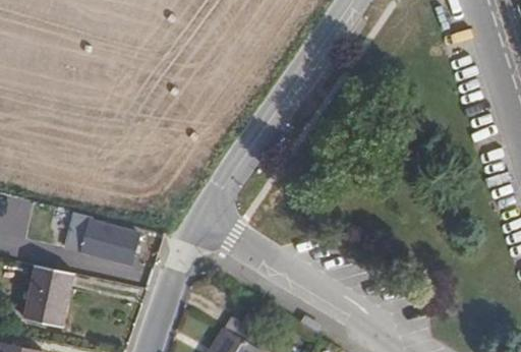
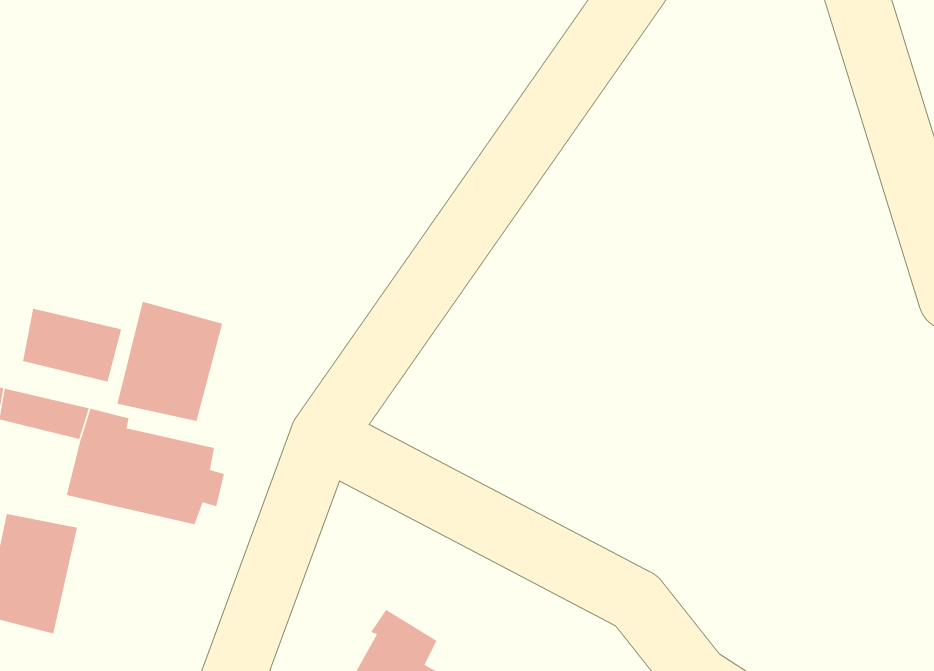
building: none -> [117,301,223,422]
building: none -> [22,308,122,382]

